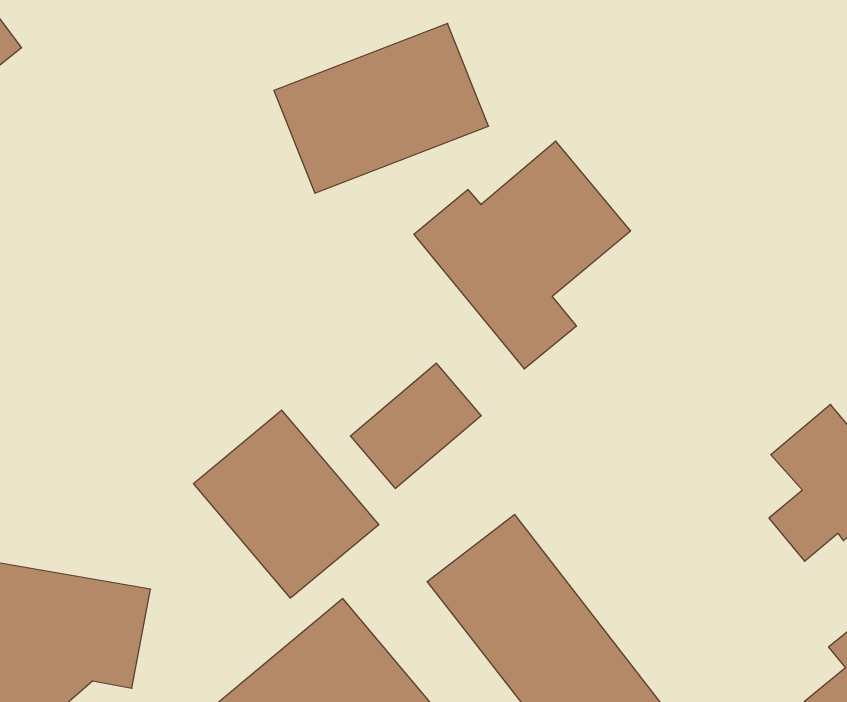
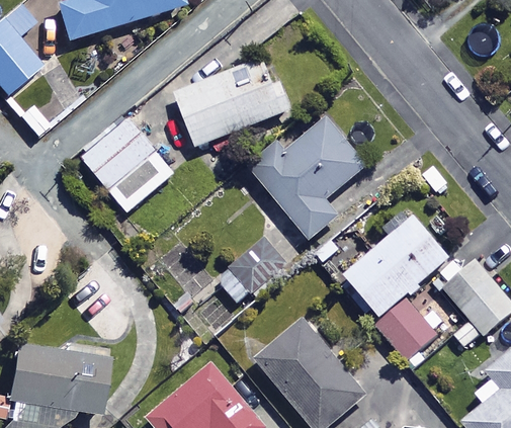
building: none -> [81,117,172,210]
building: none -> [343,216,448,359]
building: [193,410,379,598] -> none

